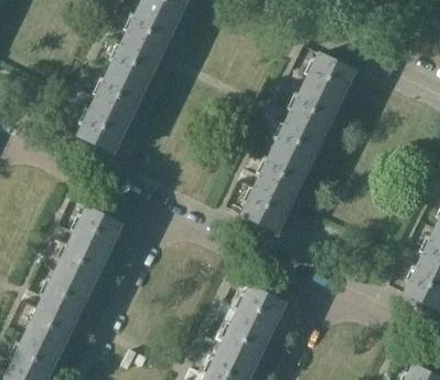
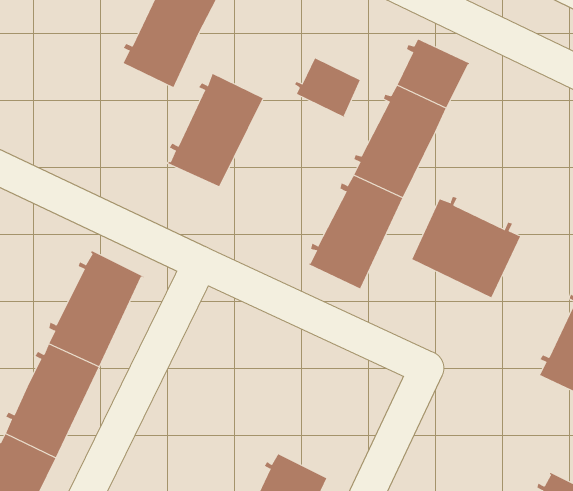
building: none -> [294,57,361,117]
building: [76,72,144,154] -> [167,73,263,188]
building: none -> [412,196,521,298]
building: [218,285,286,368] -> none

